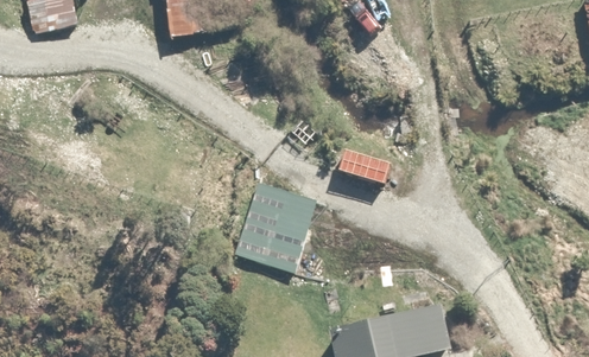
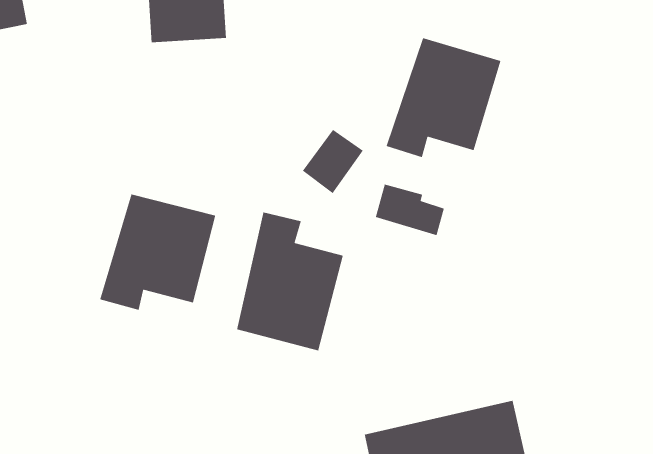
building: none -> [386,37,501,158]
building: none -> [99,193,216,311]

